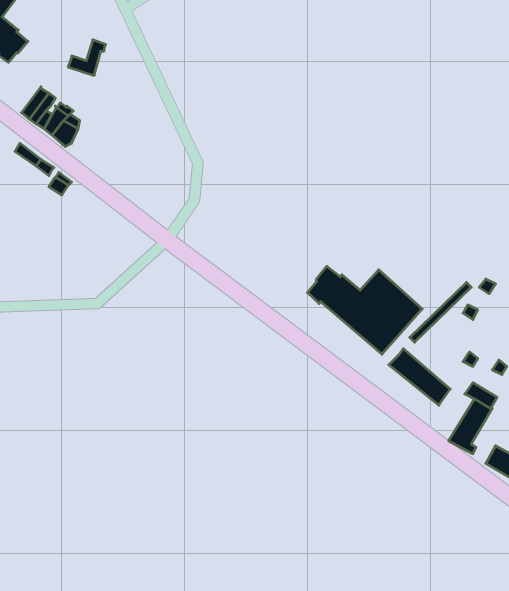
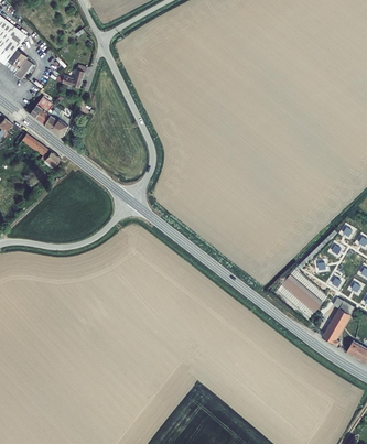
building: [307,266,422,354] -> none

